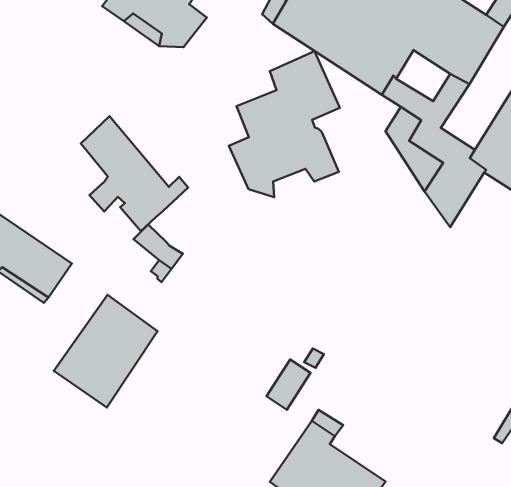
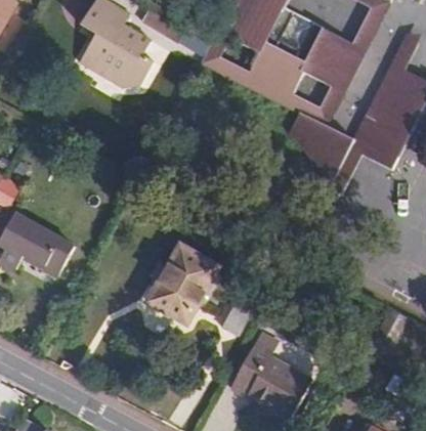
building: [229,51,340,197] -> none
building: [81,116,188,231] -> none
building: [54,295,157,408] -> [146,245,217,325]

